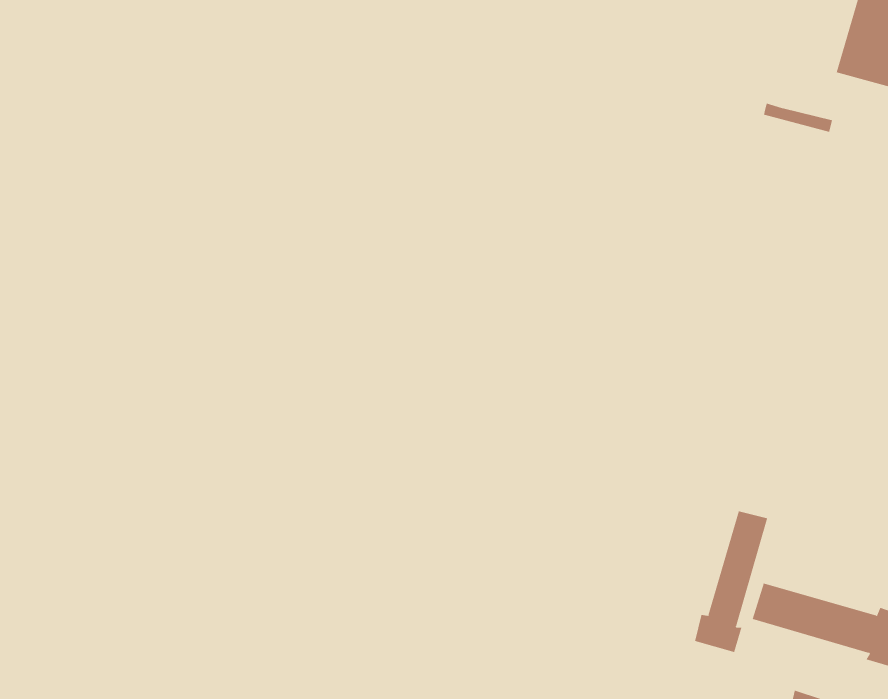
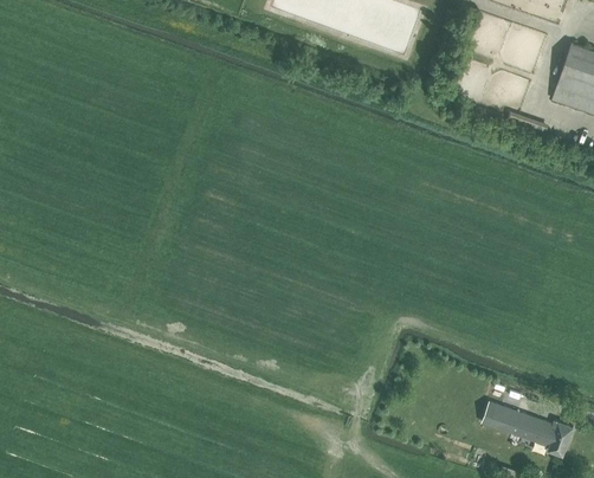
building: [695,510,768,653] -> none

